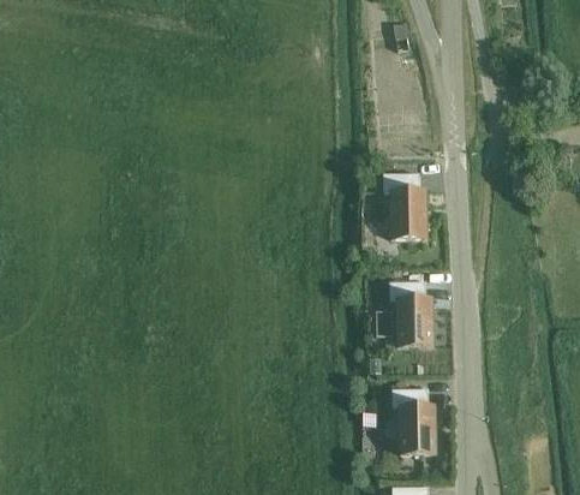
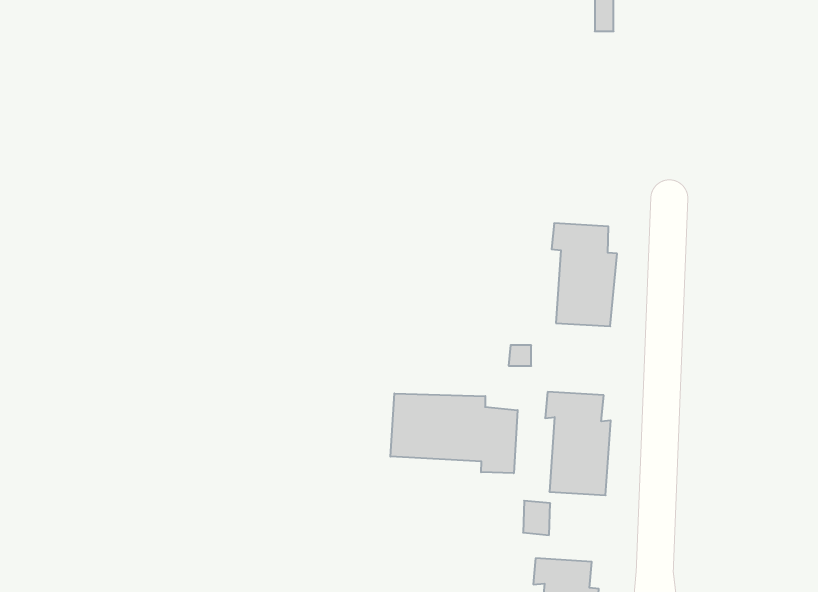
building: none -> [390,393,518,473]

